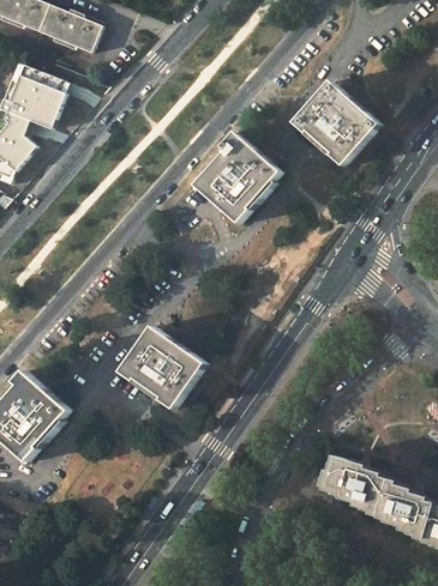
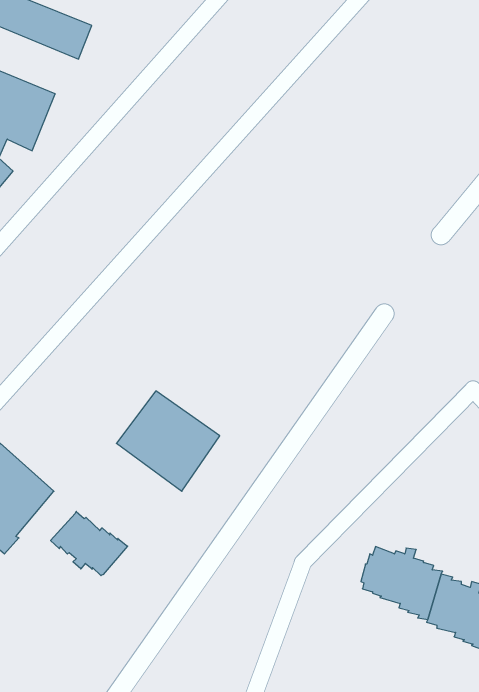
building: [292,81,378,167] -> none
building: [193,132,280,223] -> none
building: none -> [51,511,128,576]

